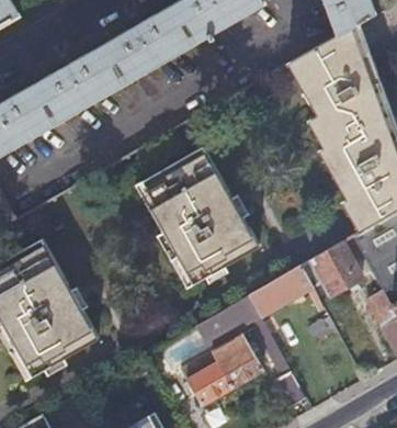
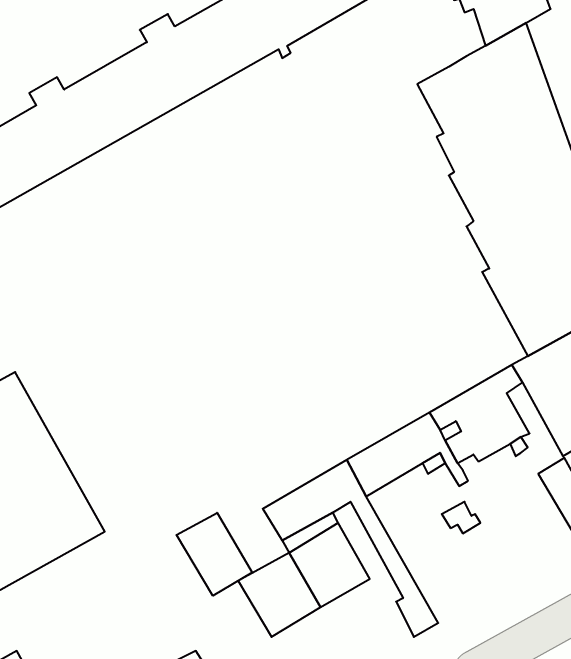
building: [138,148,259,285] -> none
building: none -> [176,513,252,596]

